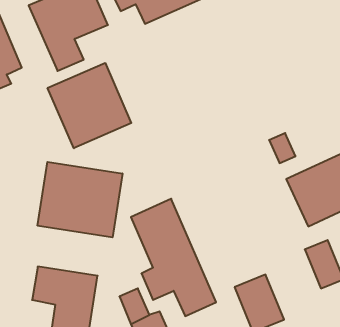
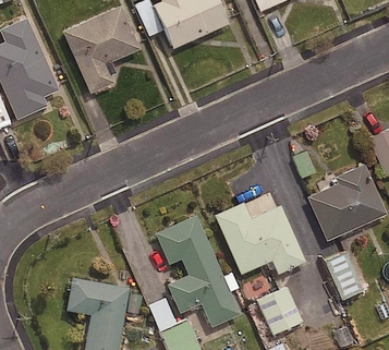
building: [48,63,131,148] -> none
building: [38,162,122,237] -> none
building: none -> [218,205,306,276]

